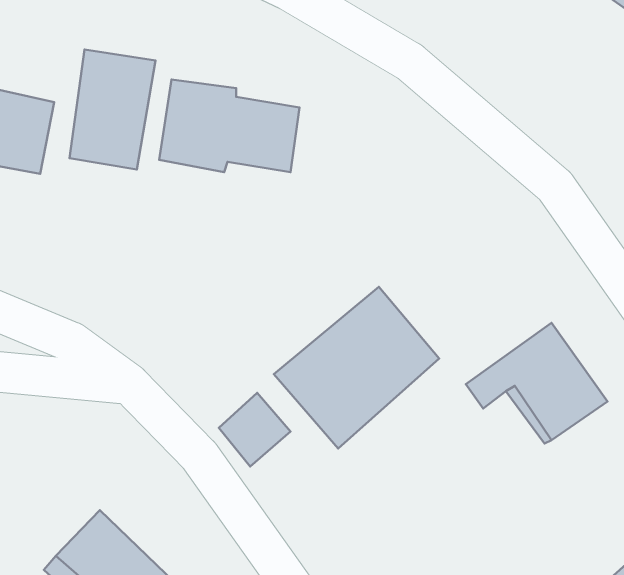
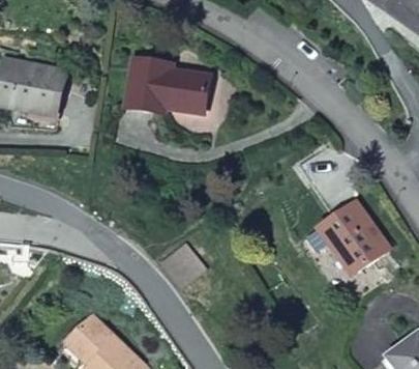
building: [69,50,156,170] -> none
building: [274,287,439,449] -> none

